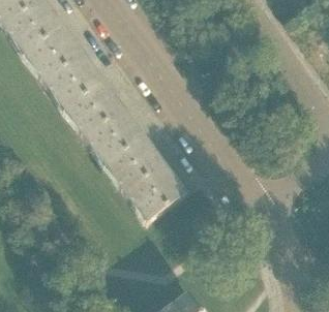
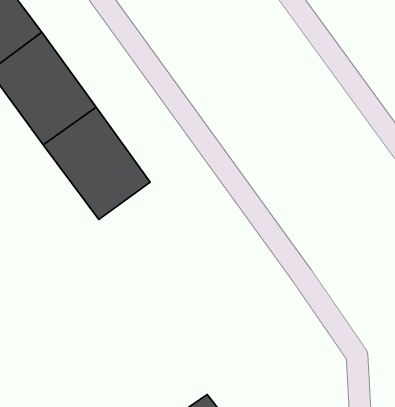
building: [107,139,185,223] -> none

